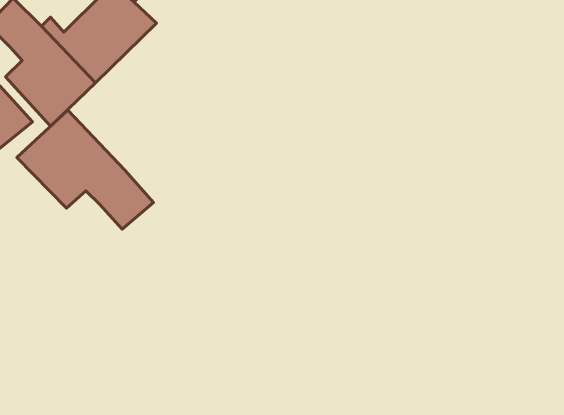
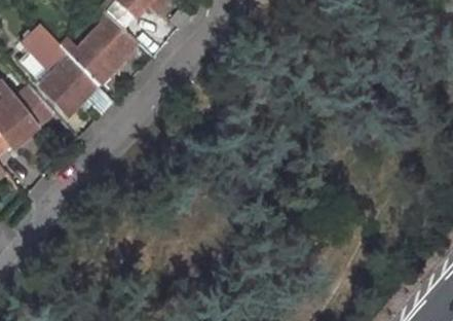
building: [17,110,154,229] -> none

